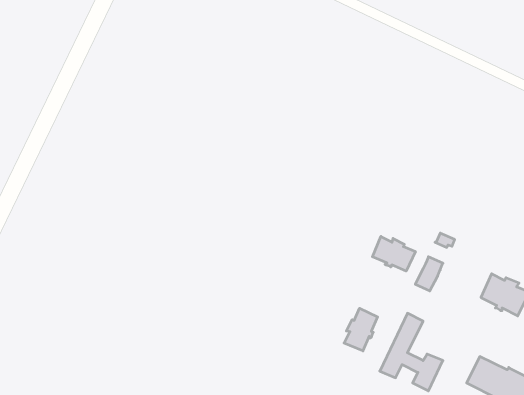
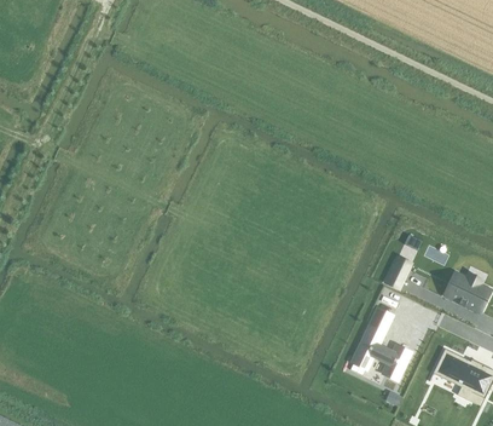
building: [372,236,415,271] -> none
building: [344,308,378,351] -> none

